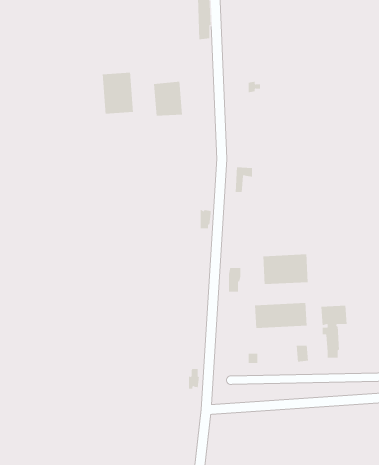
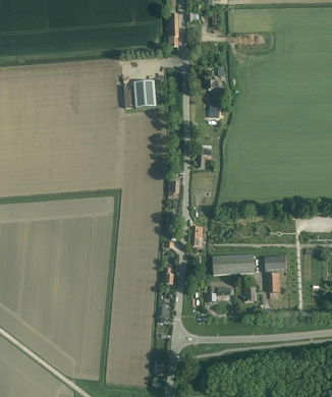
building: [102,72,134,115] -> none
building: [263,254,308,285] -> none

